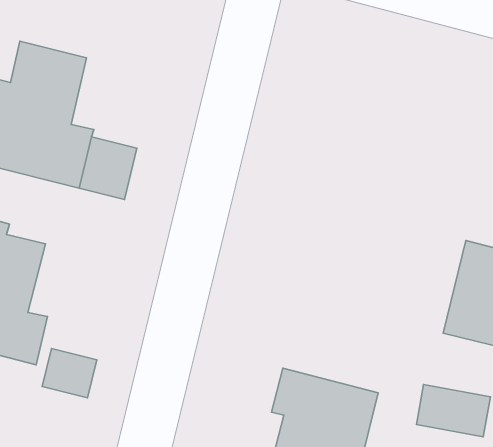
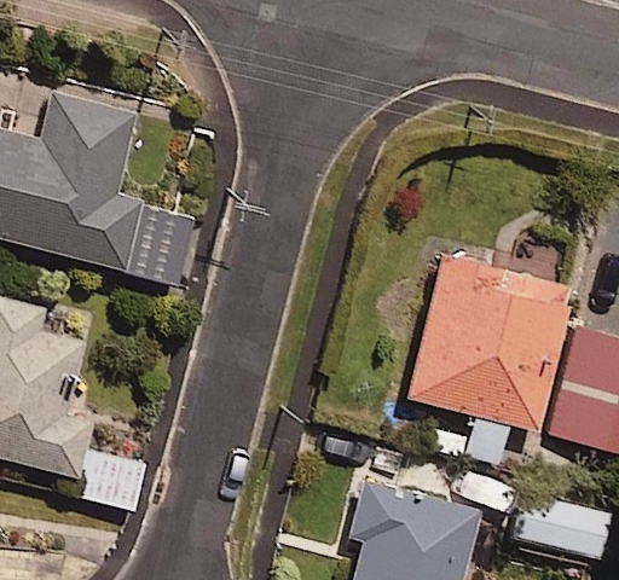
building: none -> [406,255,568,462]

